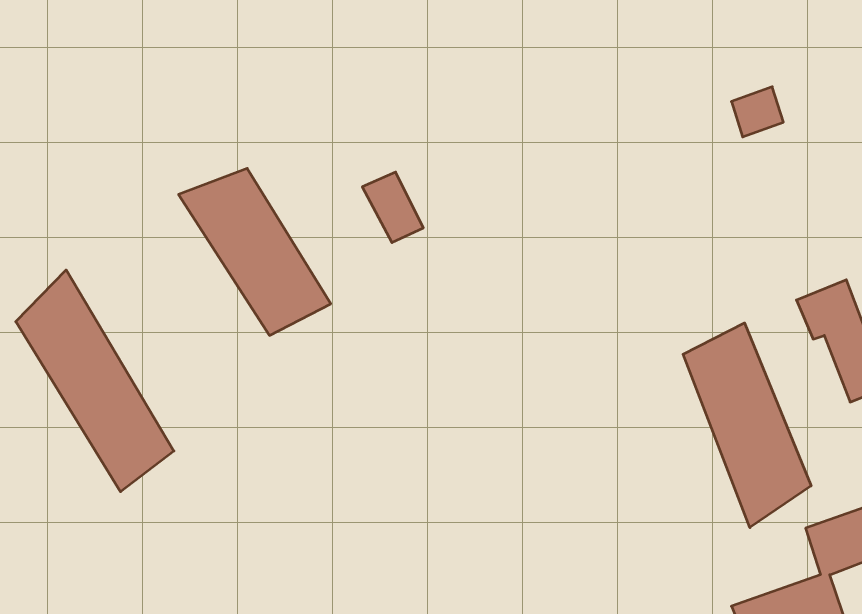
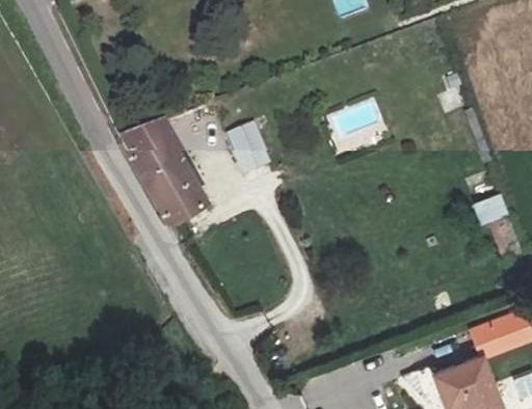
building: [16,270,174,492] -> none
building: [683,323,811,528] -> none

